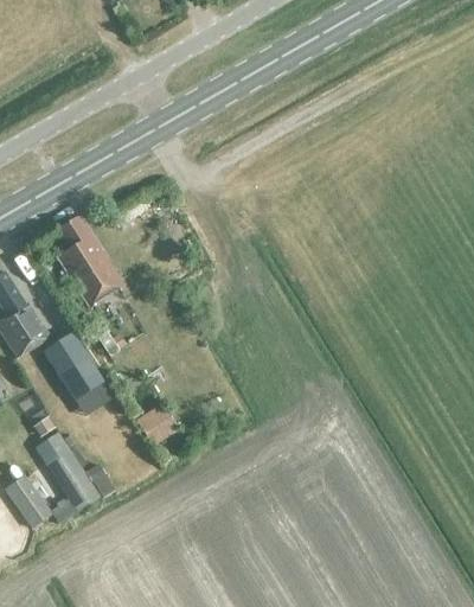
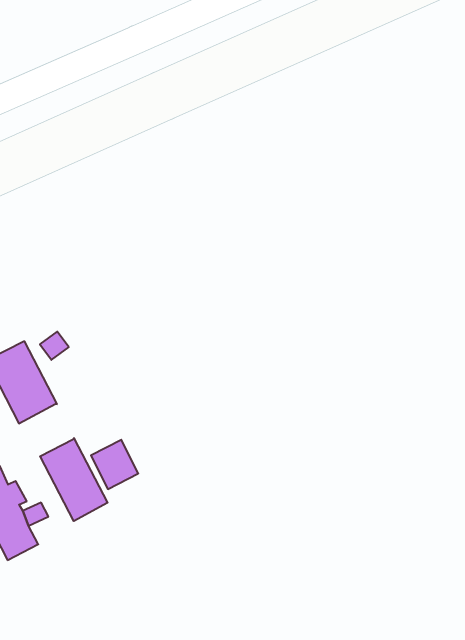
building: [60,216,122,304] -> none
building: none -> [40,438,108,521]

